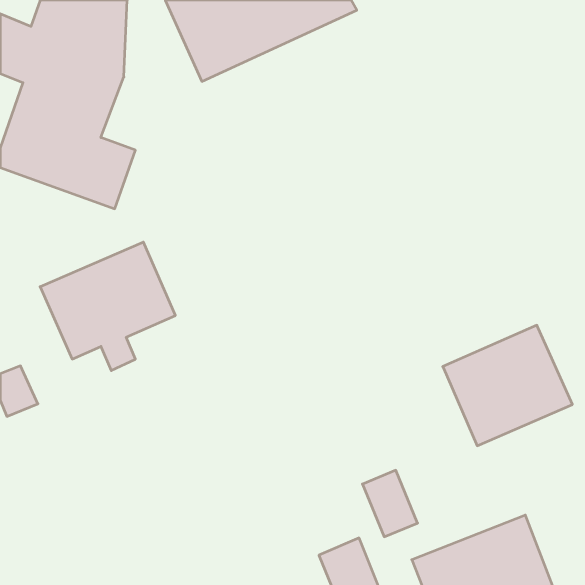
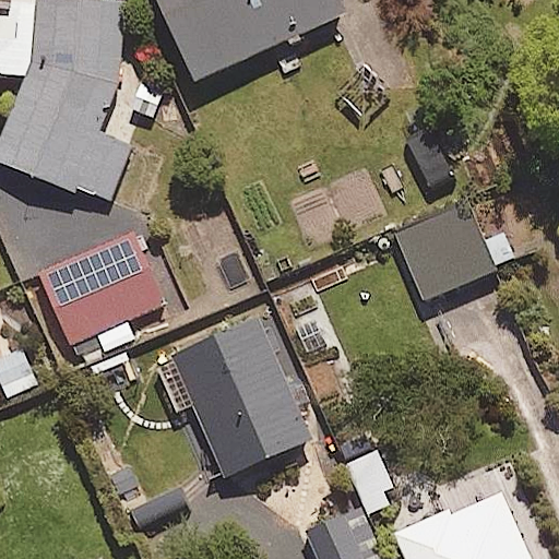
building: [443,325,572,446] -> [392,194,515,309]
building: none -> [154,314,308,474]

